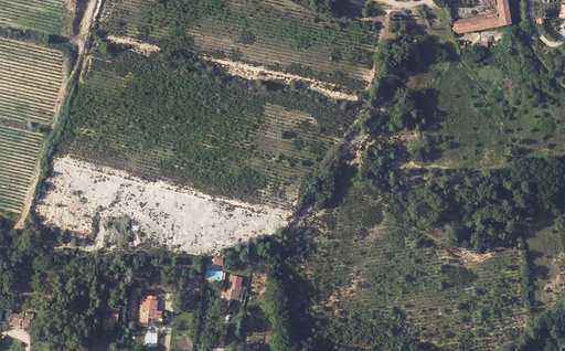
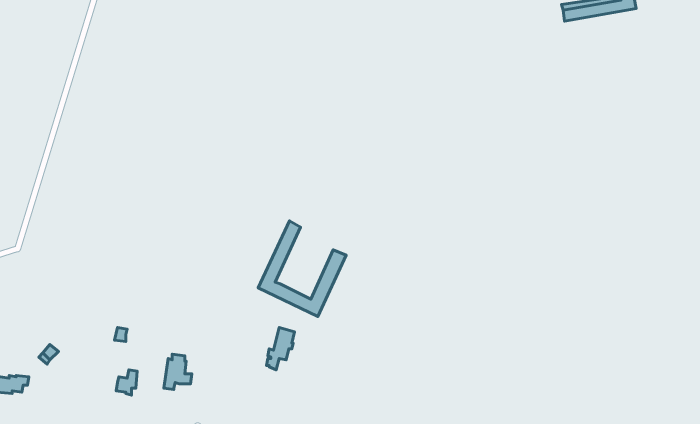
building: none -> [258,221,346,316]

